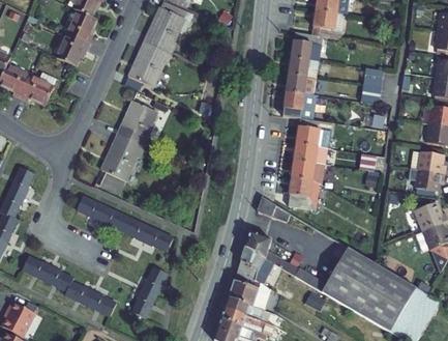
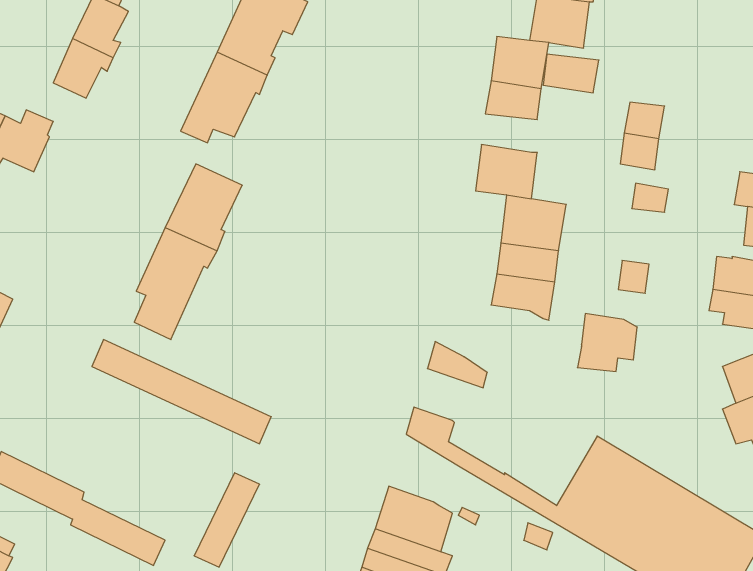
building: [286,74,316,94] -> [543,54,599,93]
building: [287,176,319,207] -> [577,314,637,371]
building: [236,246,274,284] -> none

